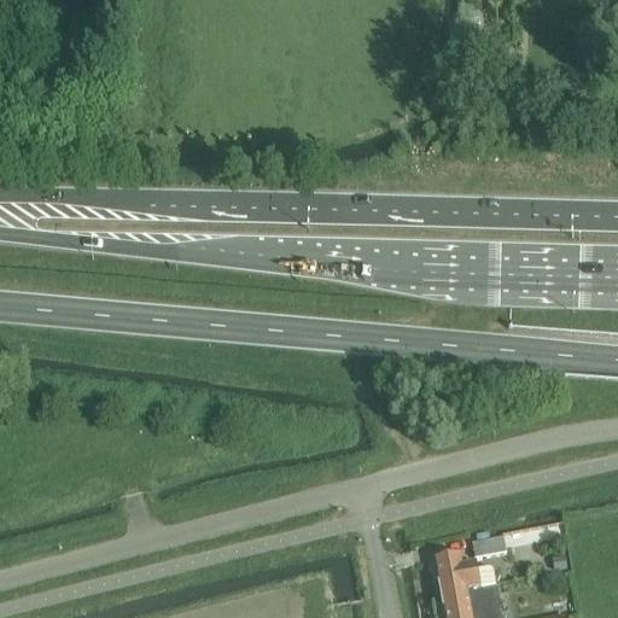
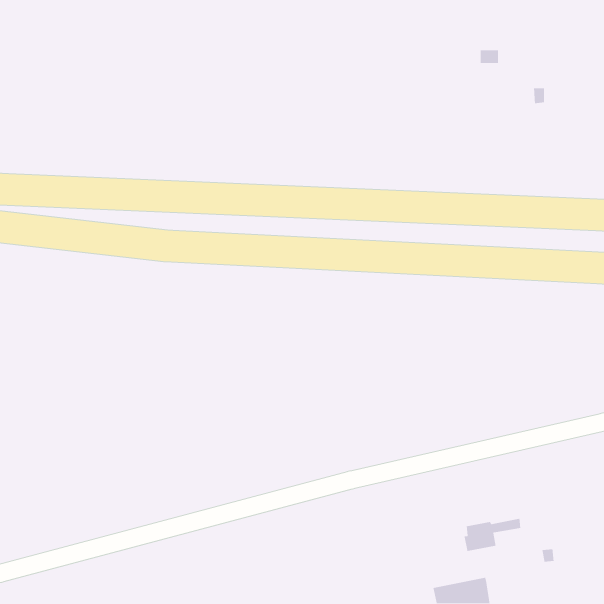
building: [436,560,496,600] -> none

